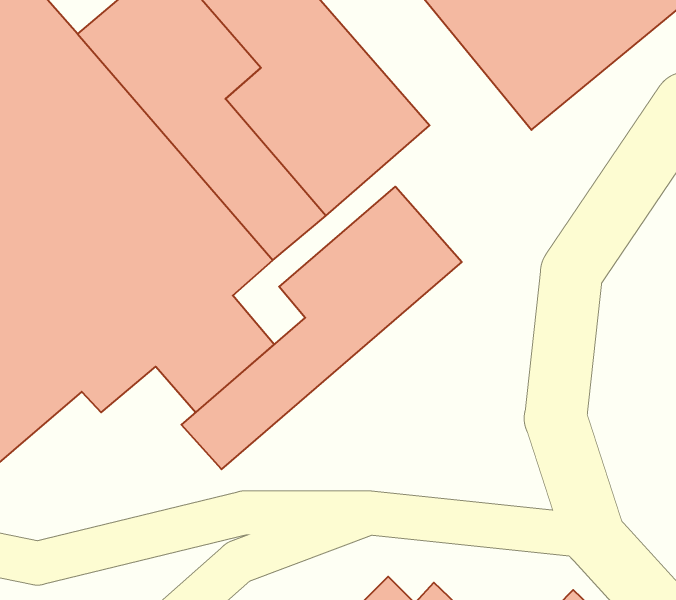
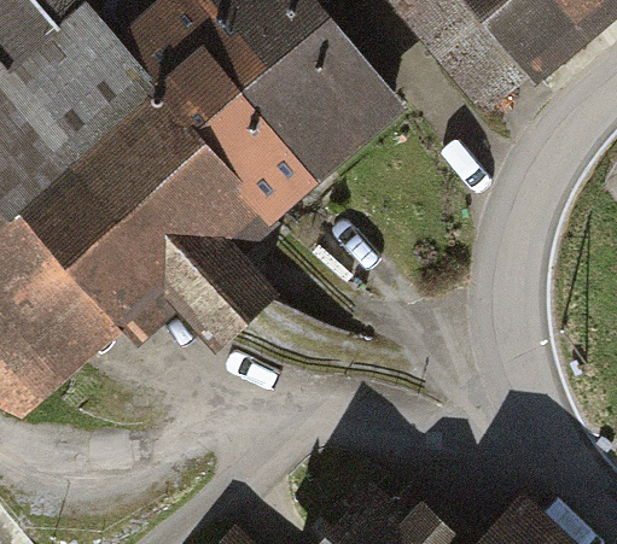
building: [181,187,462,469] -> none

